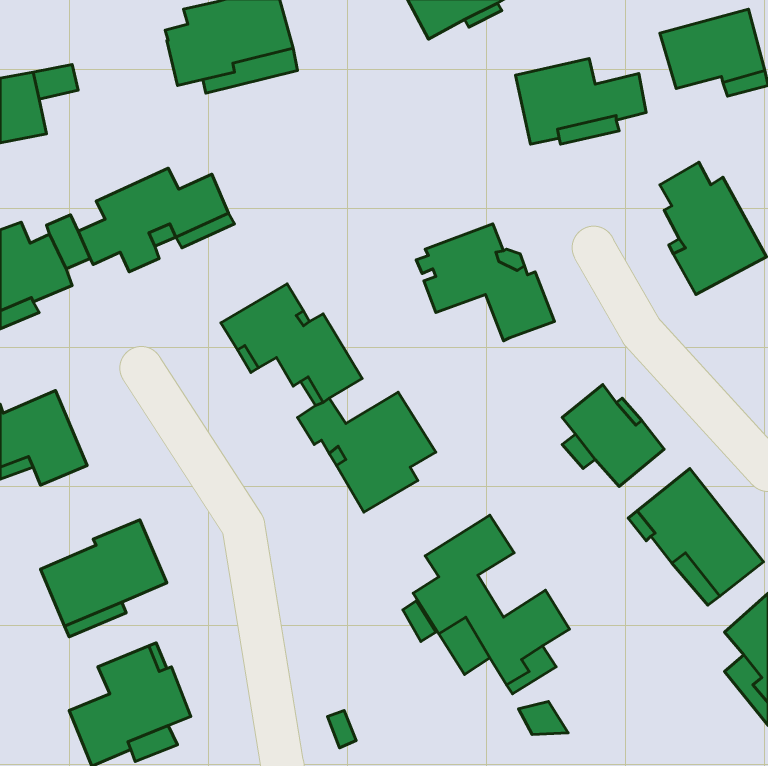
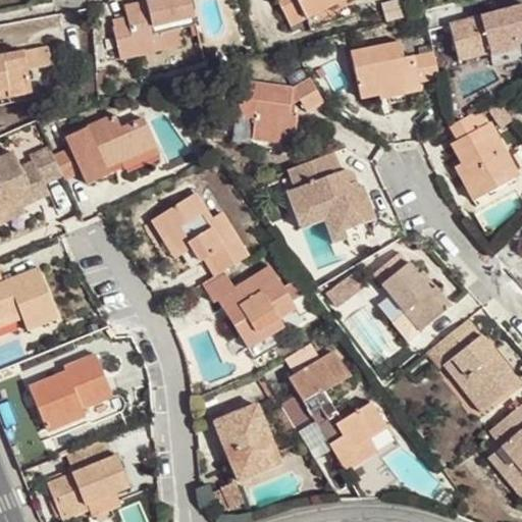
building: none -> [237,76,324,144]
building: none -> [296,200,349,243]
building: none -> [213,404,280,479]

